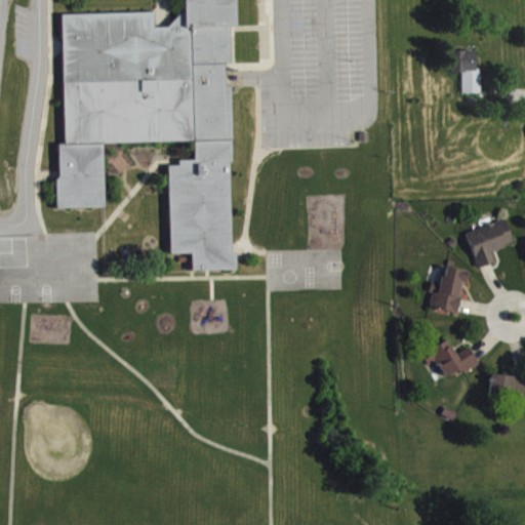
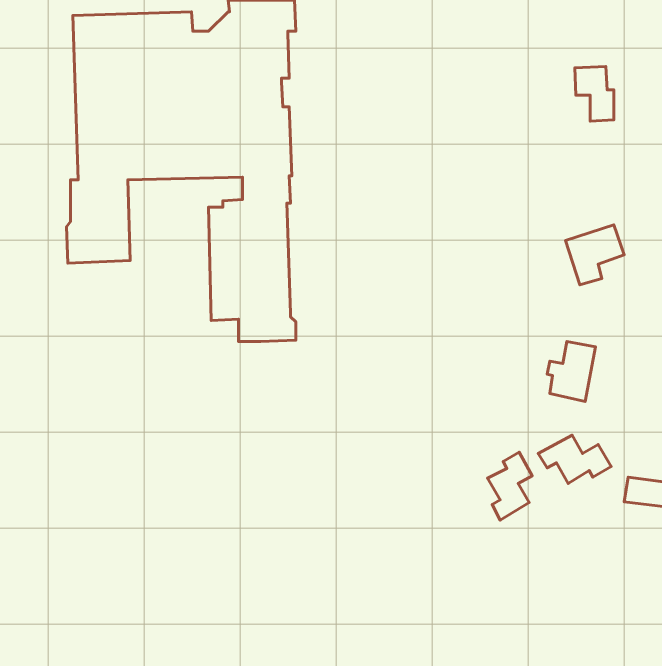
building: [472,223,518,270] -> [565,225,624,285]
building: none -> [488,452,532,520]

